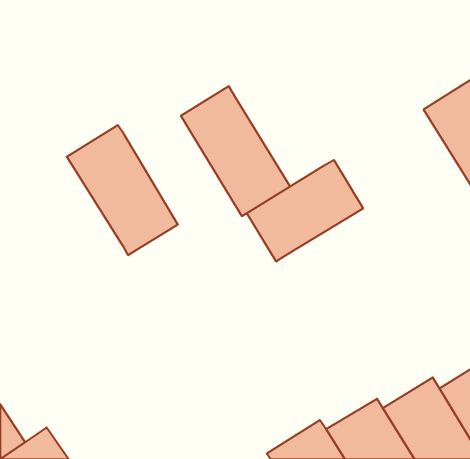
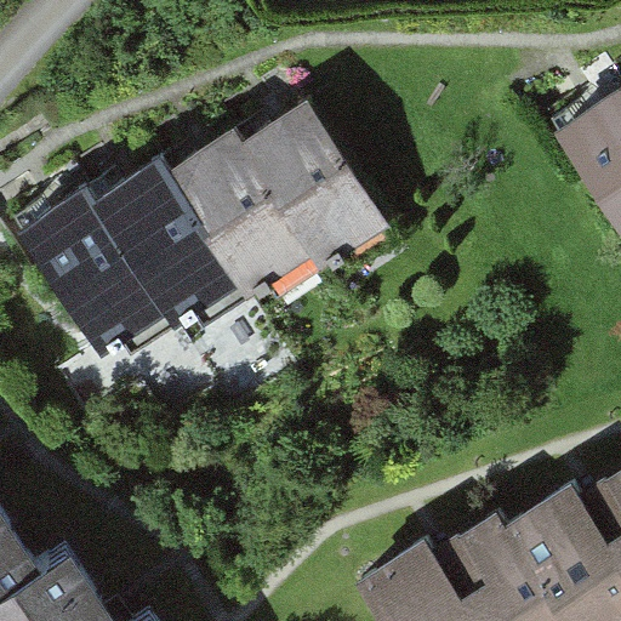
building: none -> [167,137,313,308]
building: none -> [15,193,166,366]
building: [247,160,363,262] -> none

